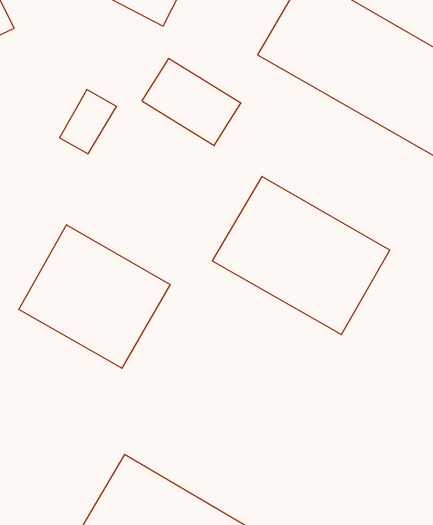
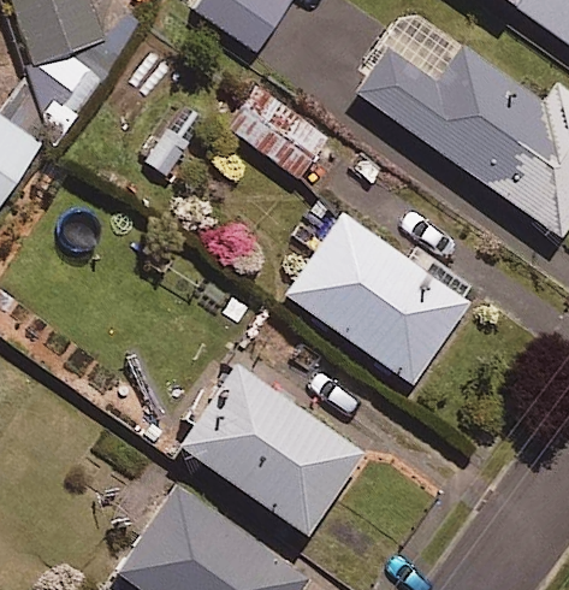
building: [19,225,170,368] -> none
building: none -> [179,366,362,536]

